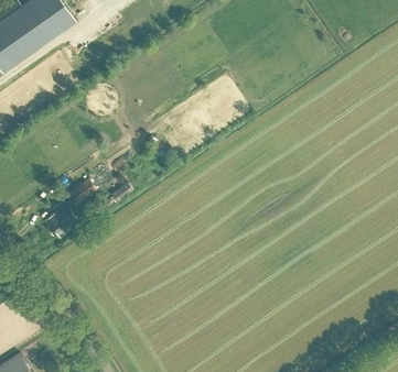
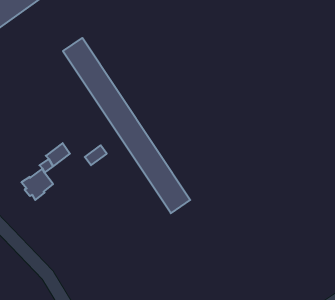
building: none -> [63,38,190,213]

